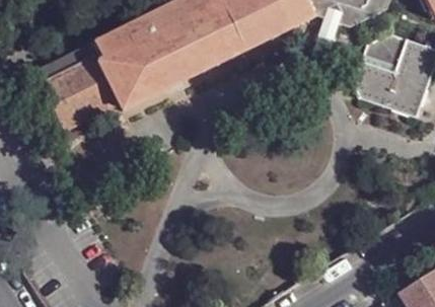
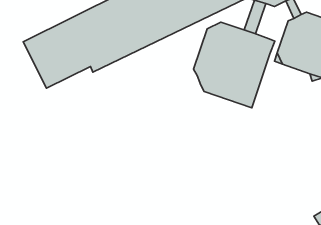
building: none -> [194,22,275,108]

